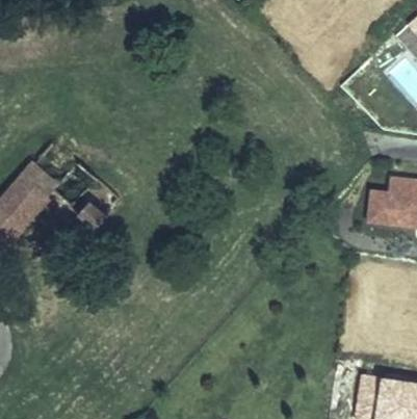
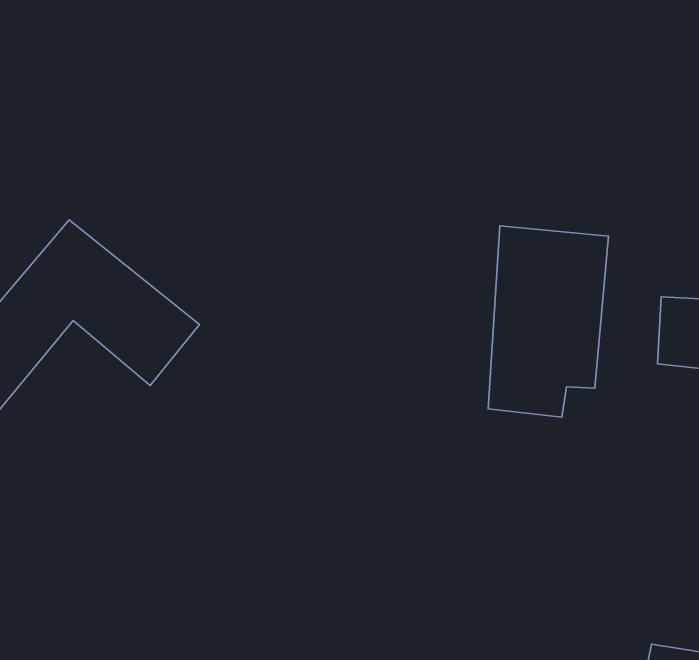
building: none -> [488,226,609,417]

